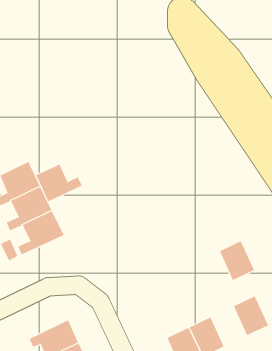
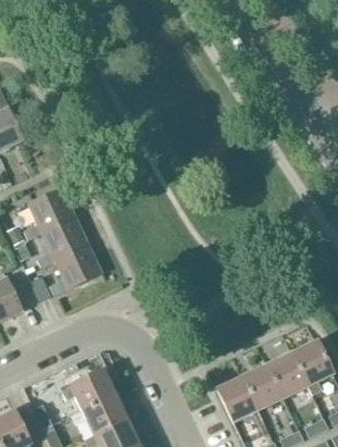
building: [36,164,82,202] -> none
building: [219,241,255,281] -> [267,352,308,398]

